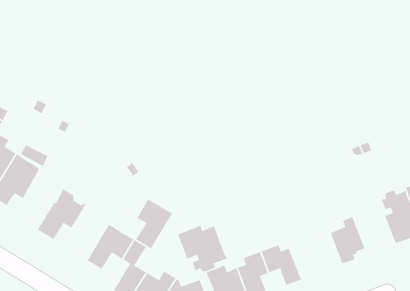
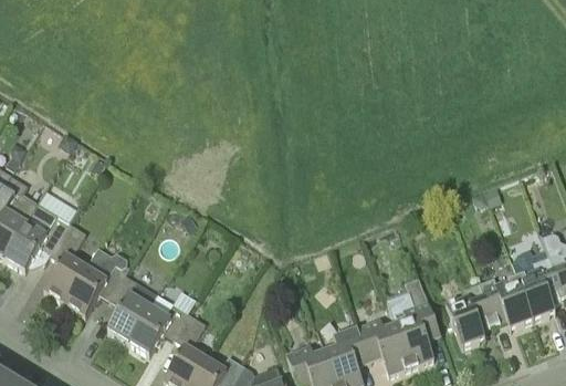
building: none -> [43,221,85,301]
building: [135,199,173,250] -> [107,274,157,341]
building: none -> [475,277,531,326]
building: none -> [386,284,440,366]
building: [177,225,228,272] -> none

